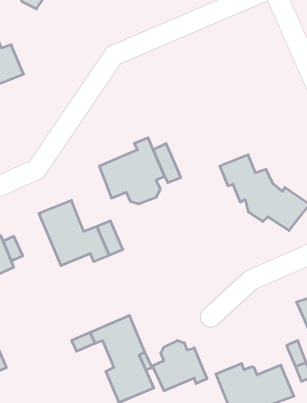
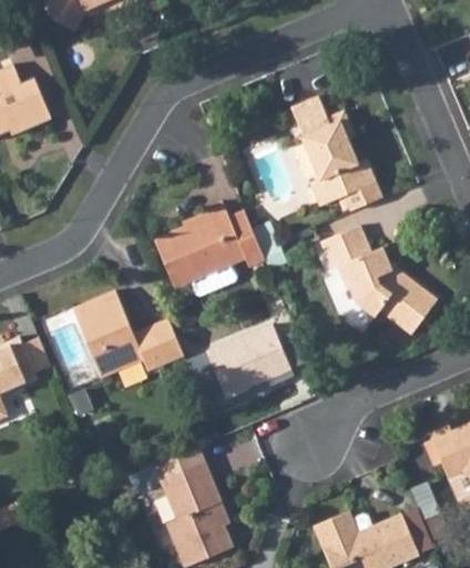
building: none -> [288,97,381,211]
building: none -> [208,321,296,395]
building: [152,340,207,391] -> none

